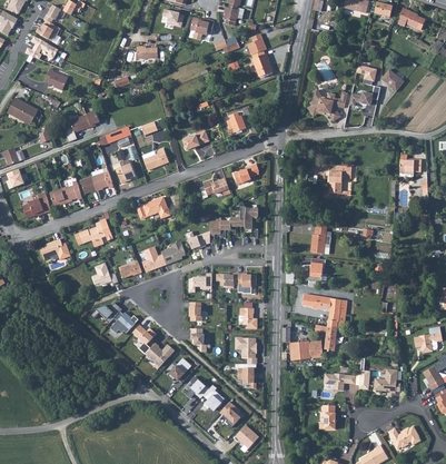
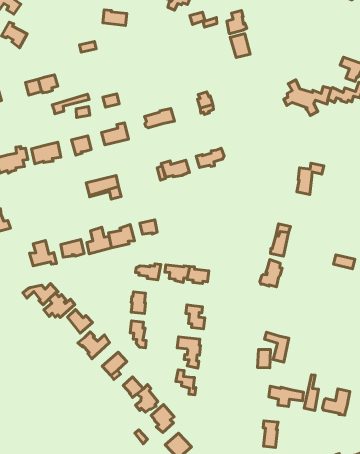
building: [210,205,258,241] -> none
building: [73,221,111,246] -> none
building: [303,293,341,327] -> none
building: [283,340,311,359] -> none

